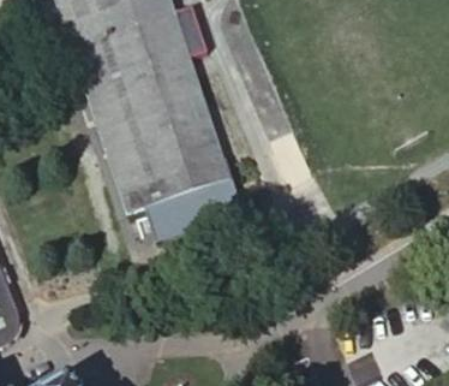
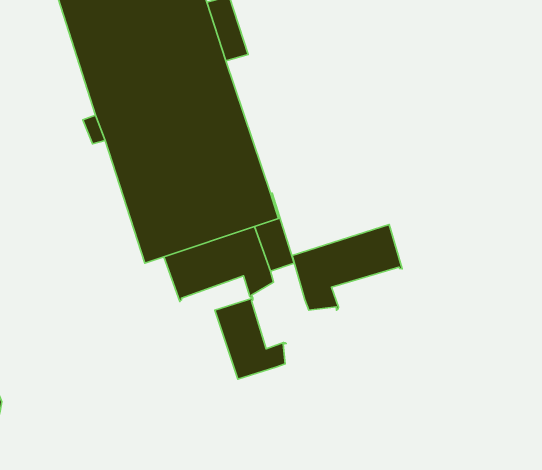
building: none -> [292,224,402,310]
building: none -> [215,298,286,379]

